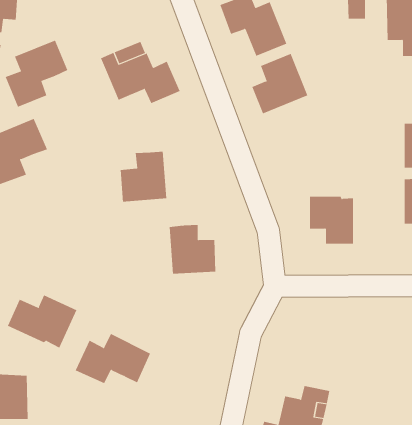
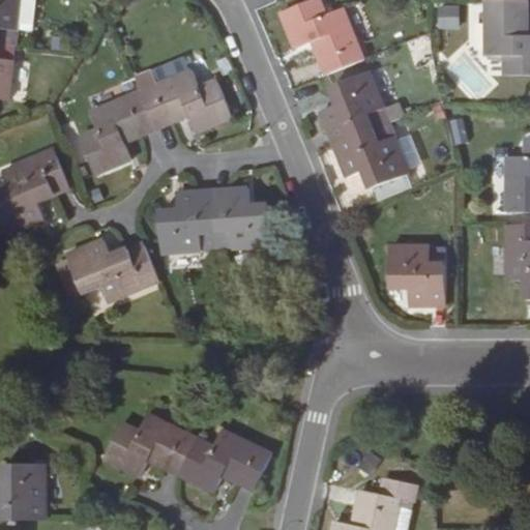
building: [5,40,68,107] -> [78,91,155,174]
building: none -> [332,122,408,188]
building: none -> [66,239,158,302]
building: [169,224,216,274] -> [211,187,269,248]
building: [7,295,77,348] -> none
building: none -> [179,430,271,491]

